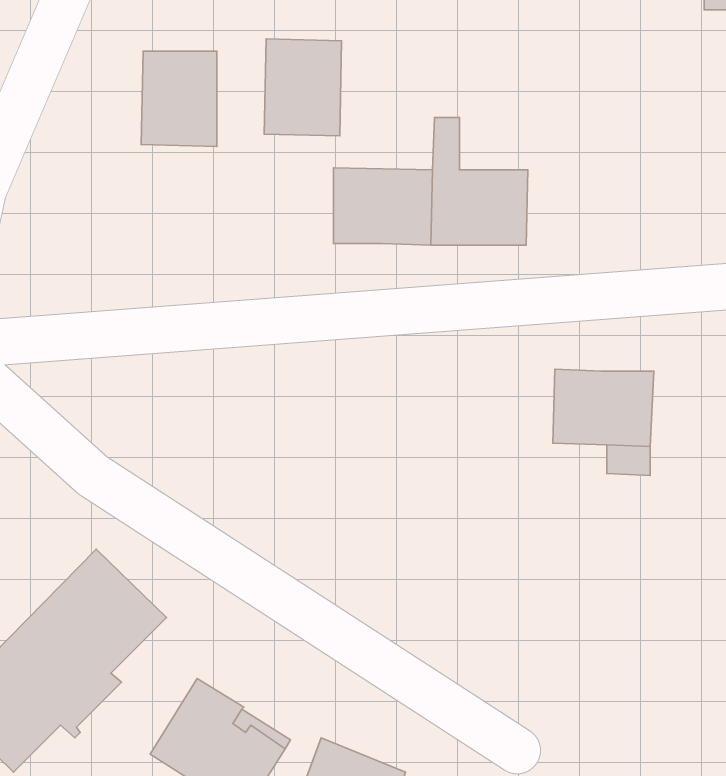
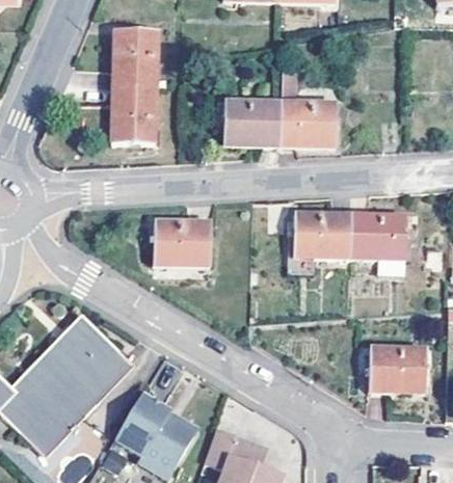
building: [264,39,342,136] -> [111,86,156,142]
building: none -> [294,215,351,259]
building: none -> [154,221,212,267]
building: none -> [369,352,424,393]

